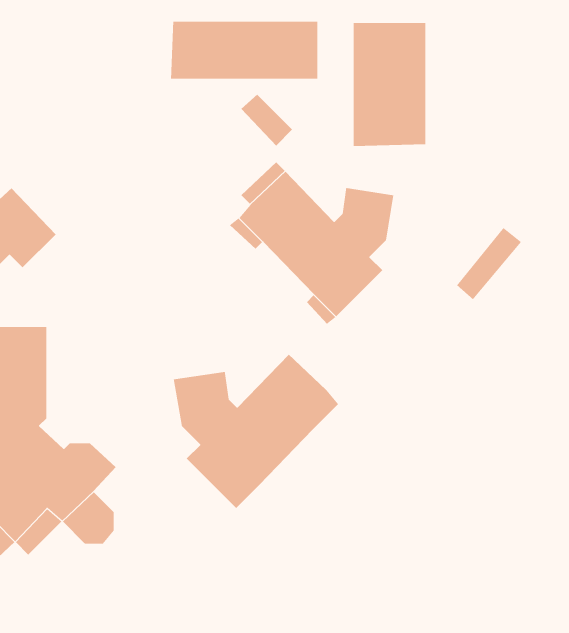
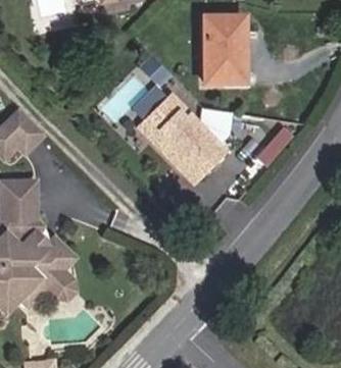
building: [171,21,318,80] -> none
building: [173,354,339,509] -> none

